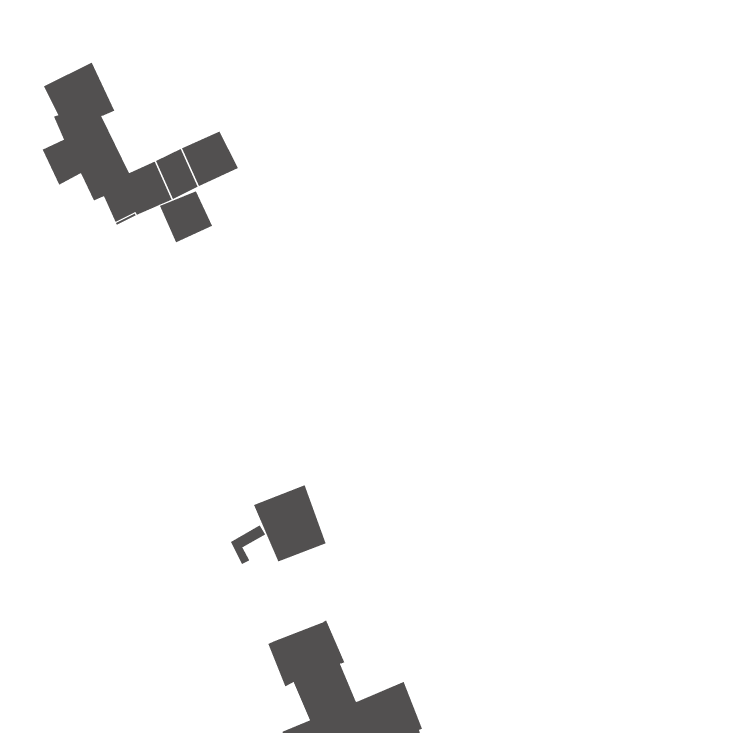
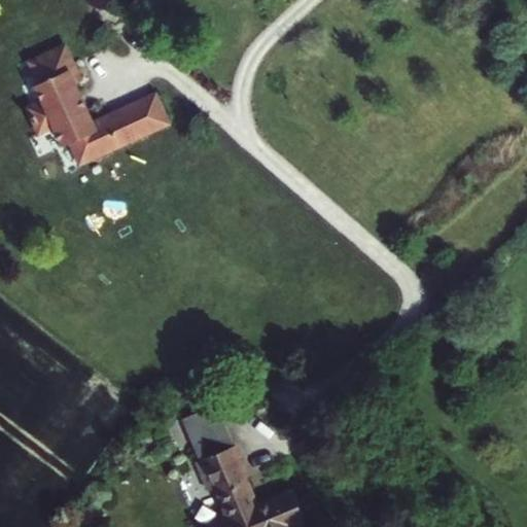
building: [159,190,213,243] -> none
building: [253,485,327,562] -> [178,405,231,460]

